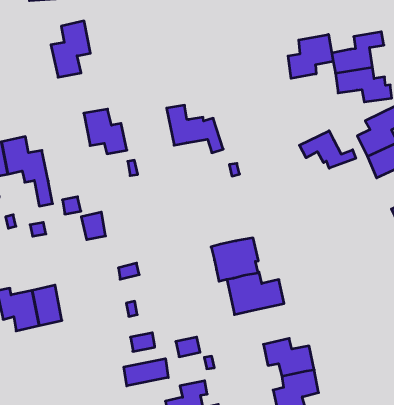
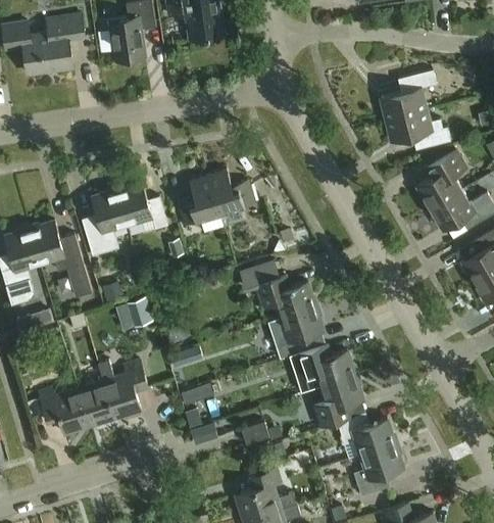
building: [51,21,90,77] -> [83,190,127,254]
building: [288,34,333,78] -> none
building: none -> [175,176,218,227]
building: [299,131,356,168] -> none
building: none -> [240,260,314,319]
building: none -> [97,360,148,419]
building: none -> [312,377,363,429]
building: [124,359,168,386] -> none

